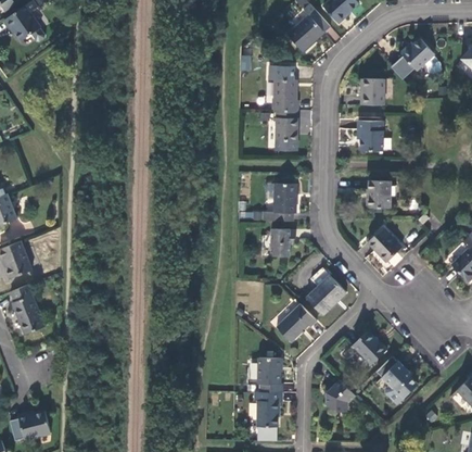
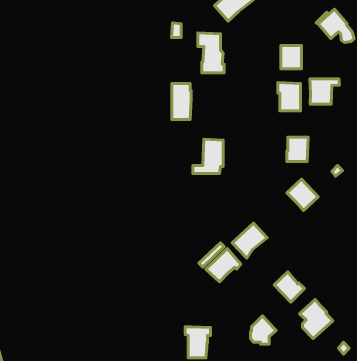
building: [276,109,297,149] -> [172,84,191,120]
building: none -> [310,79,339,104]
building: [270,228,295,256] -> none
building: [258,357,283,392] -> none

